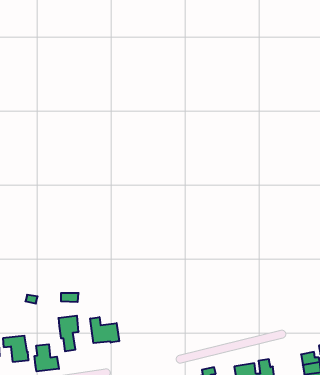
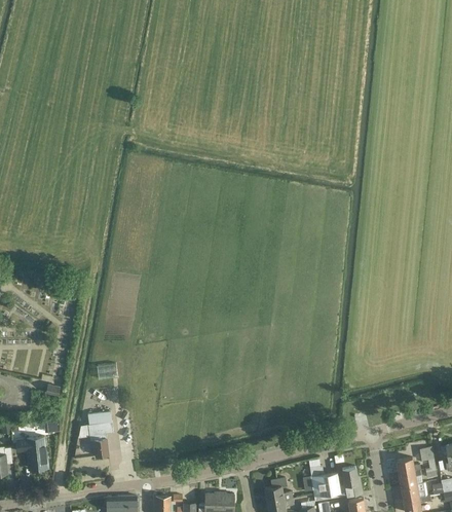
building: [90,317,119,343] -> none
building: [35,344,59,371] -> none

